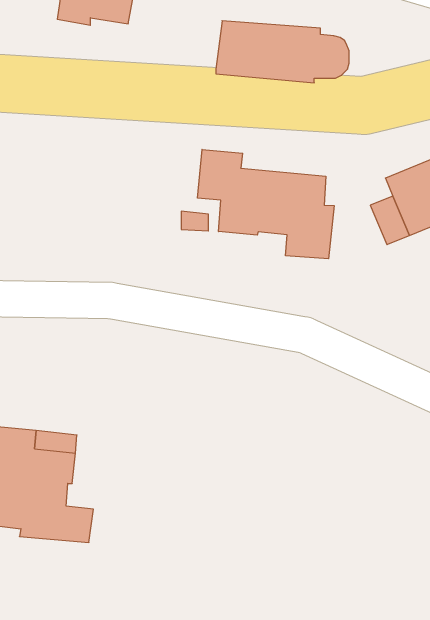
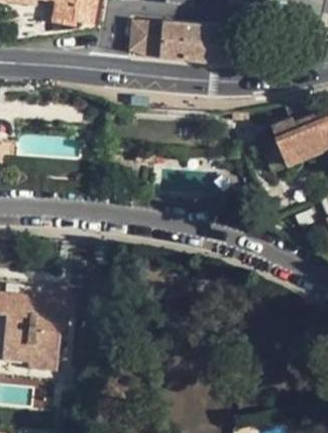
building: none -> [130,20,163,55]
building: [198,149,334,259] -> none

